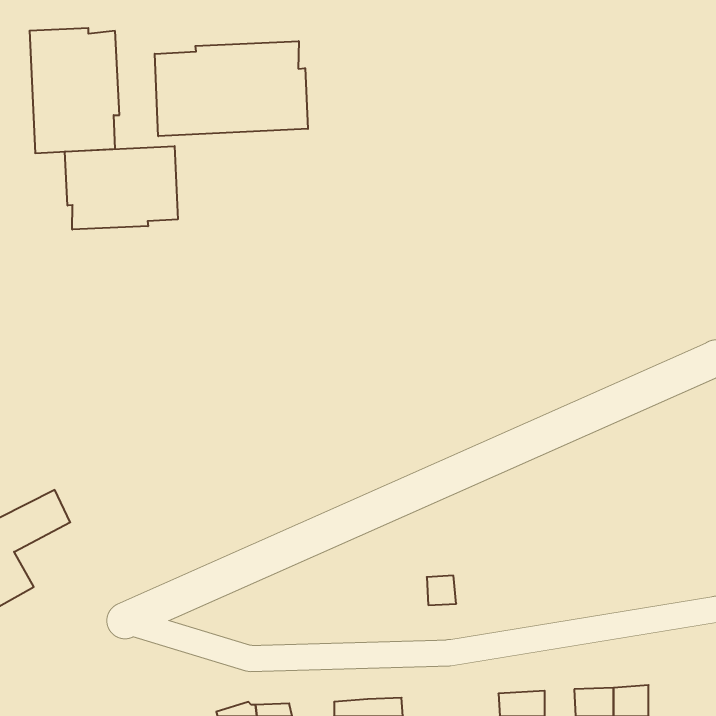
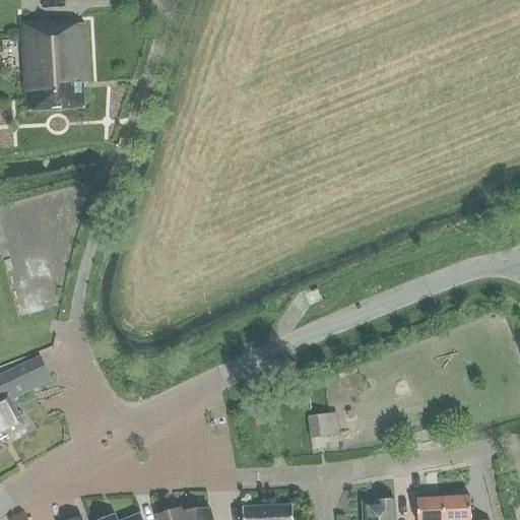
building: [155,41,308,136] -> none
building: [65,146,178,230] -> none

